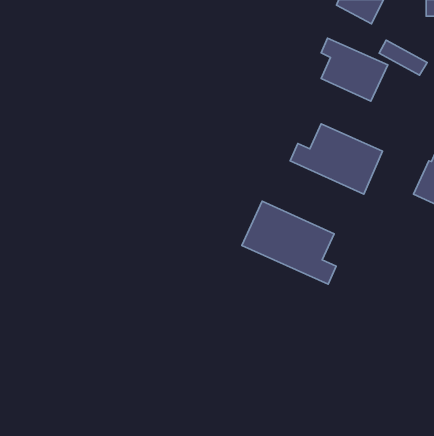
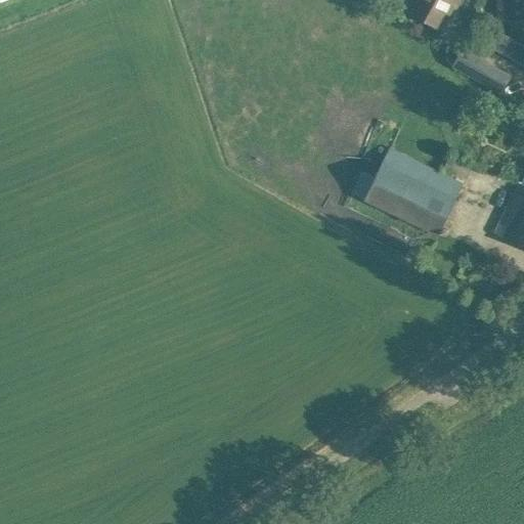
building: [321,38,388,101] -> none
building: [242,201,336,284] -> none

